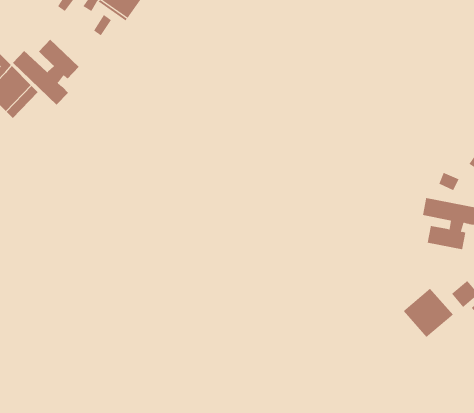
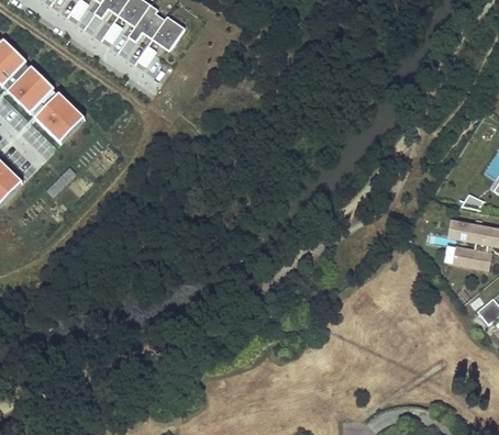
building: [12,39,80,106] -> none
building: [403,288,454,338] -> none

